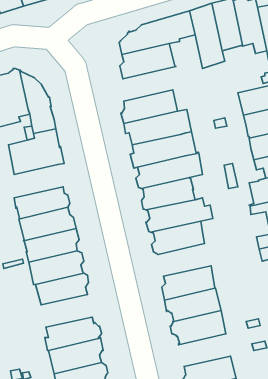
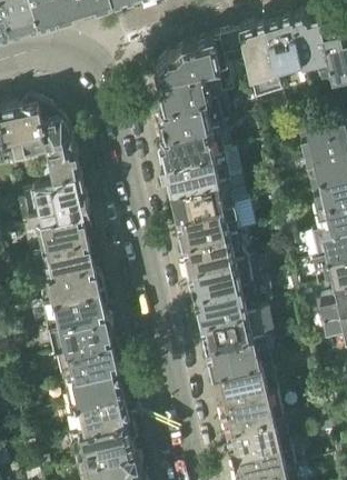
building: none -> [158,98,229,139]
building: none -> [23,214,91,254]
building: none -> [200,309,266,348]
building: none -> [62,370,123,409]
building: none -> [224,417,289,456]

